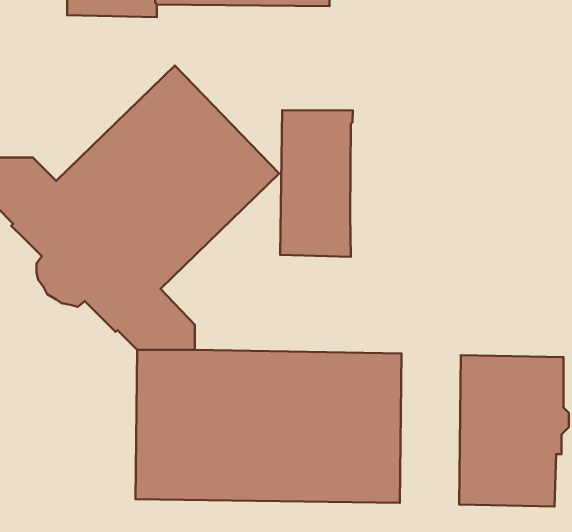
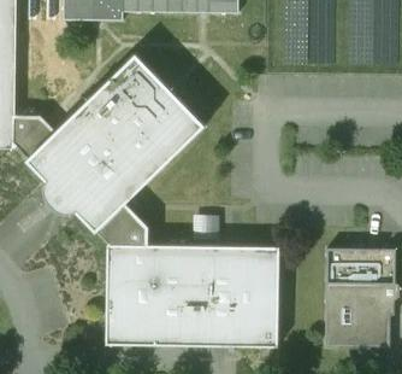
building: [280,110,353,257] -> none

